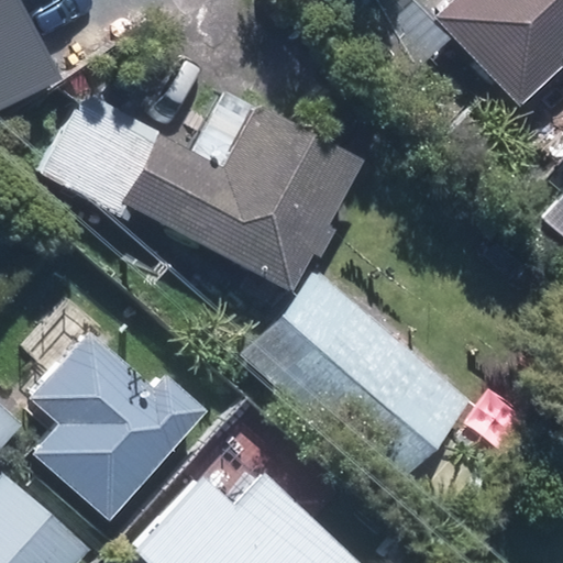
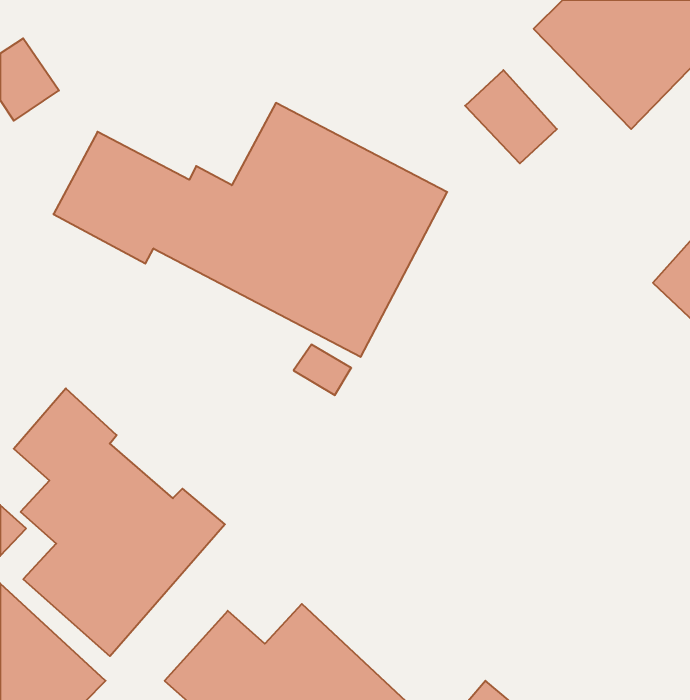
building: [249,267,475,485] -> none

